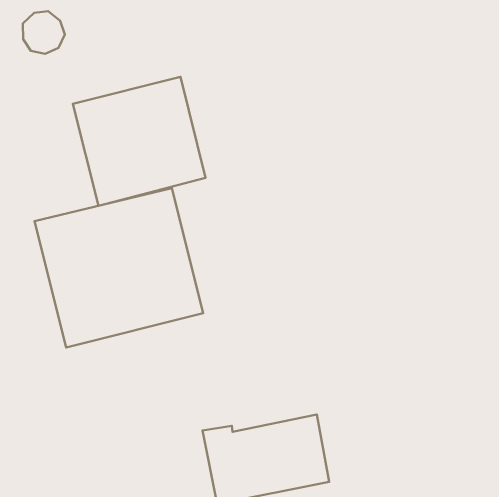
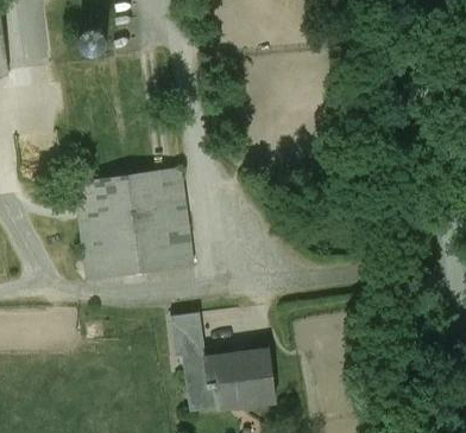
building: [73,77,206,206] -> none
building: none -> [169,311,204,355]

